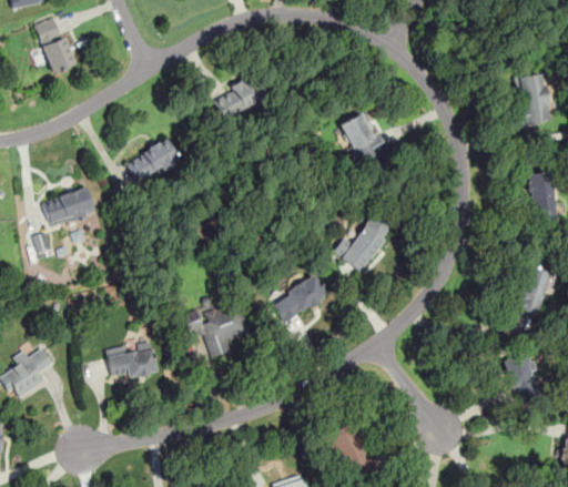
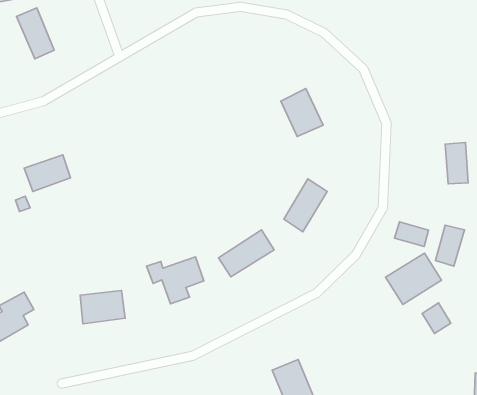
building: [214,70,266,120] -> none
building: [515,73,549,124] -> none
building: [125,138,182,185] -> none
building: none -> [395,222,428,247]
building: none -> [386,253,442,304]

